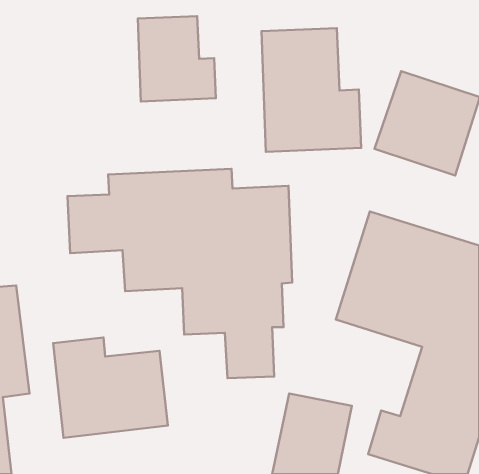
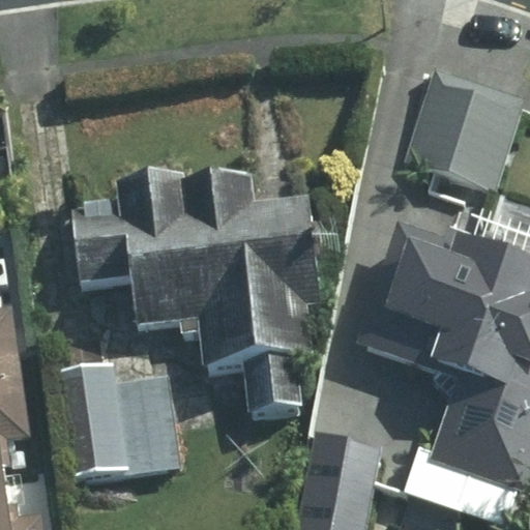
building: [138,16,216,101] -> none
building: [261,28,361,152] -> none

